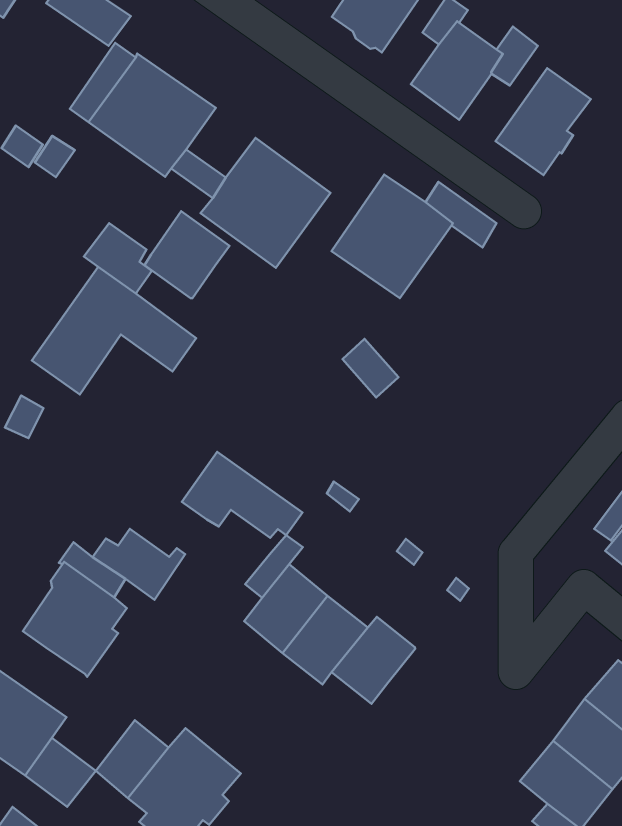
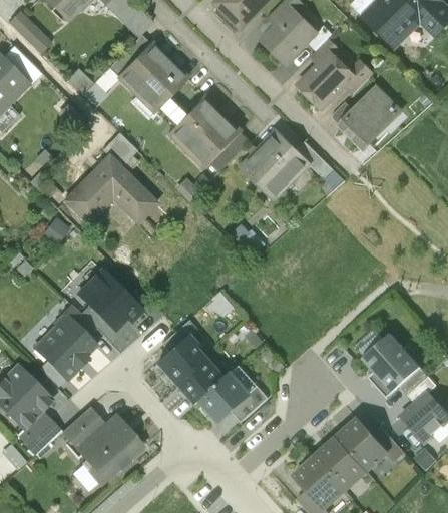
building: [144,211,230,298] -> none
building: [182,452,302,538] -> [77,269,142,321]
building: none -> [231,386,269,422]

